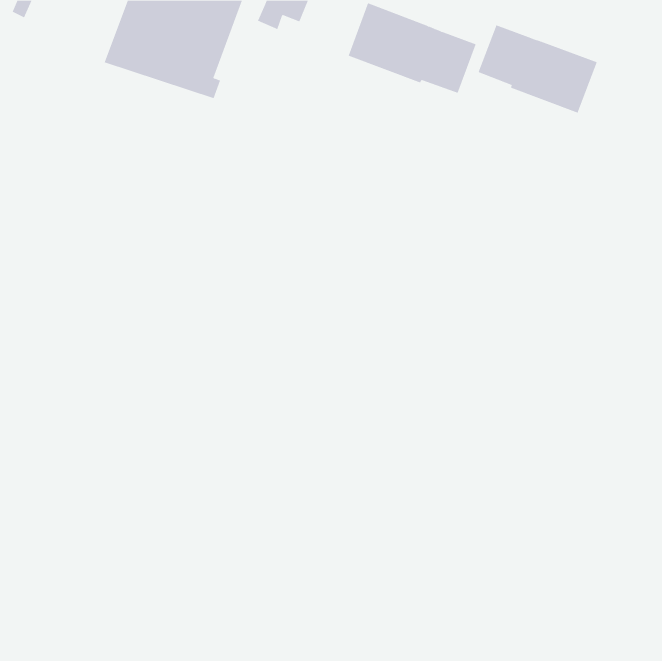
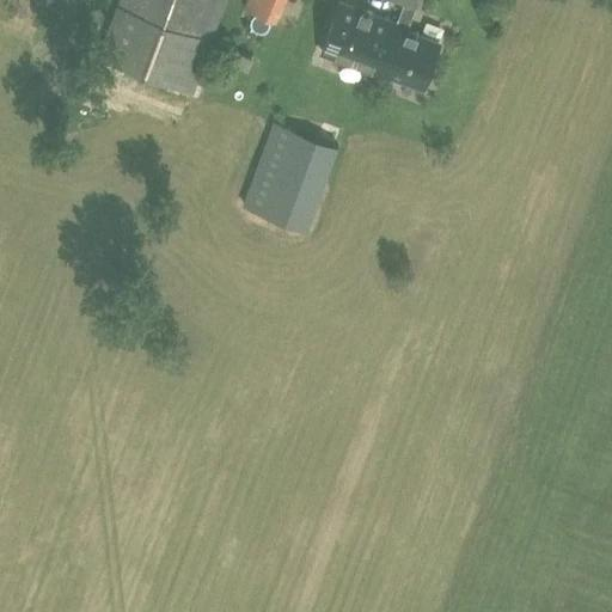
building: [478,24,598,113] -> none
building: none -> [241,122,339,230]

